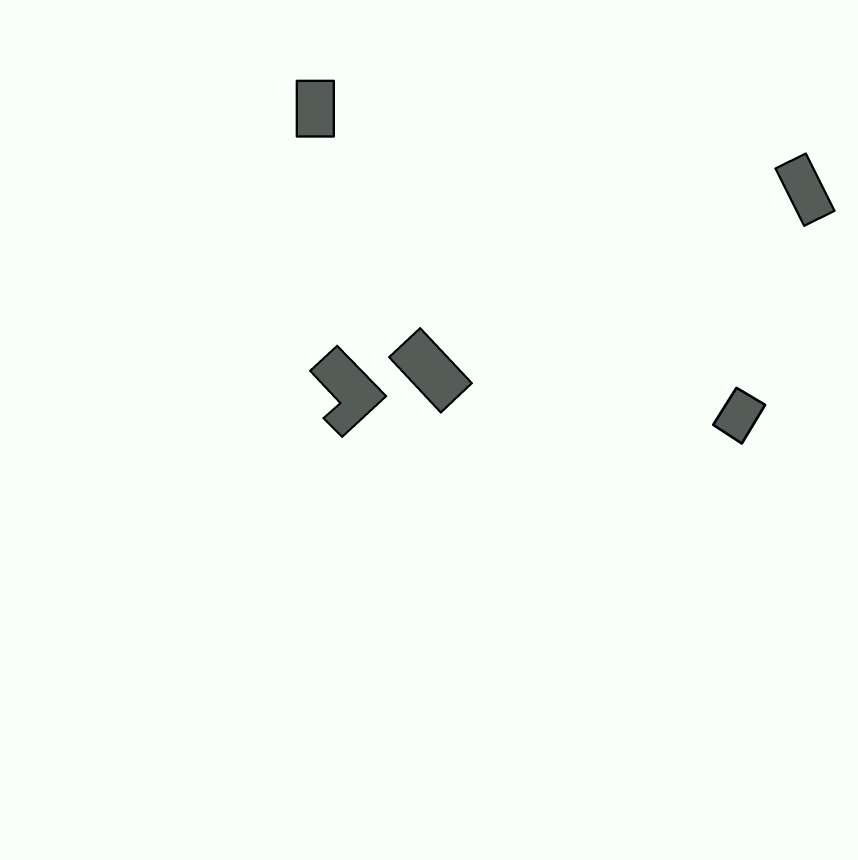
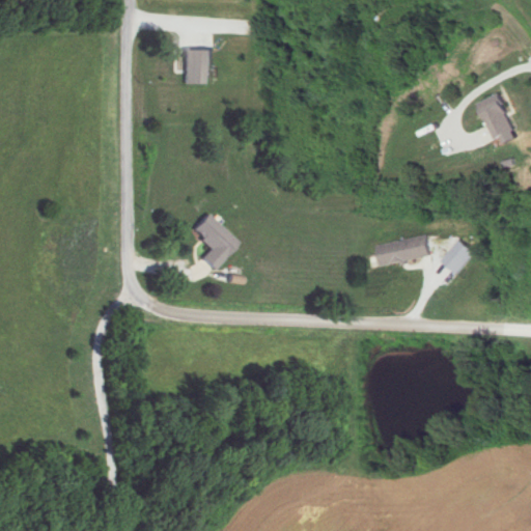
building: [389,328,472,412] -> none
building: none -> [374,233,428,266]

